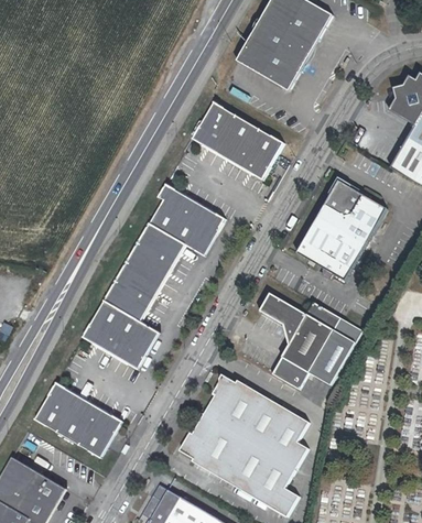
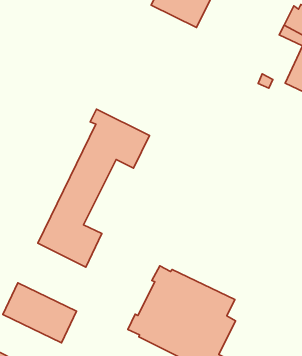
building: [190,99,283,179] -> none
building: [295,181,386,282] -> none
building: [263,294,363,390] -> none

